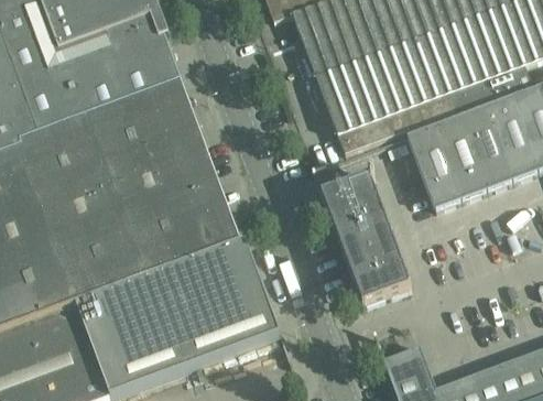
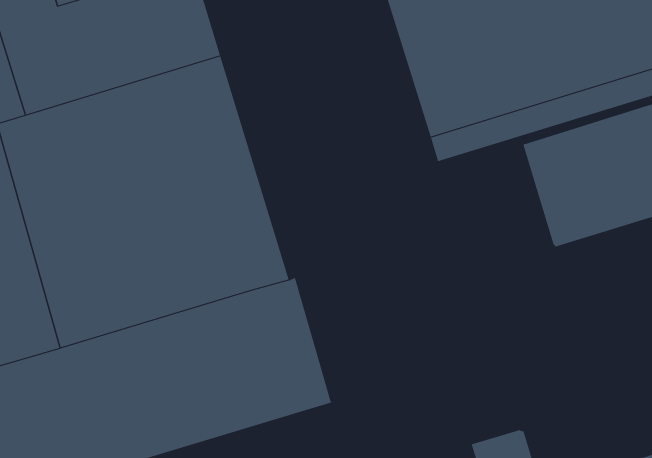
building: [323,174,412,305] -> none

